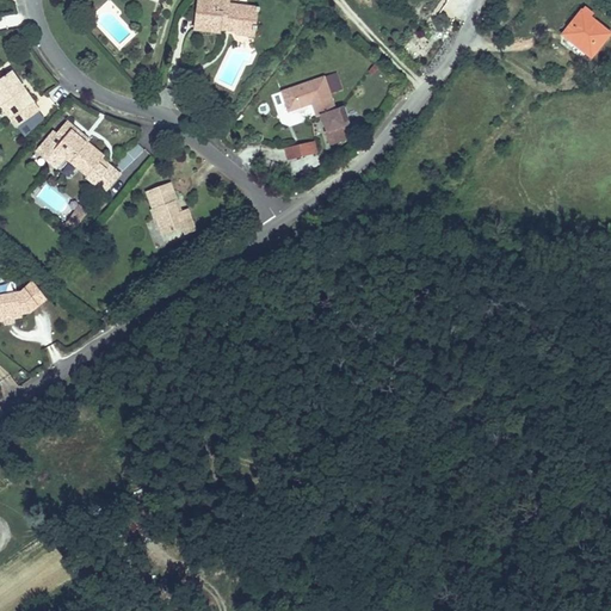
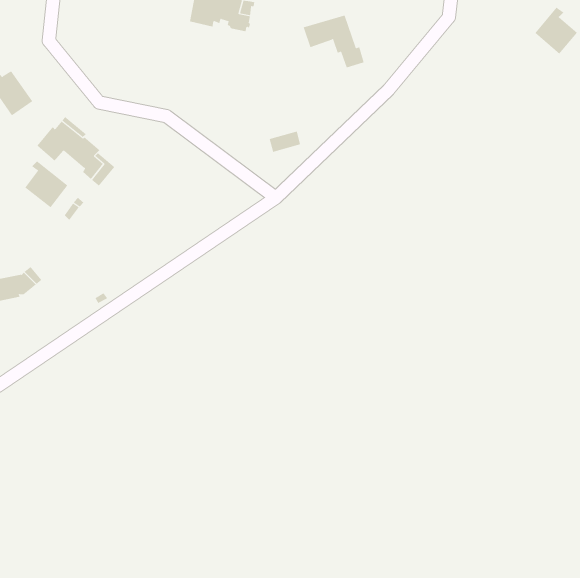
building: [283,79,347,135] -> [303,15,364,68]
building: none -> [25,160,68,208]
building: [144,183,196,237] -> none

